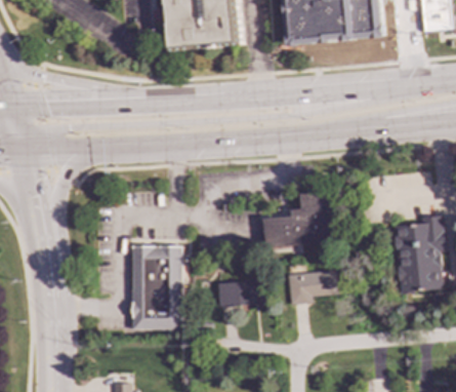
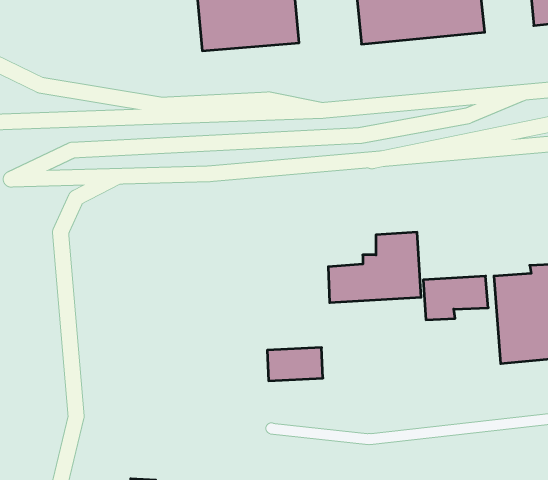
building: [131,245,182,329] -> none
building: [288,270,338,304] -> [423,276,488,320]

